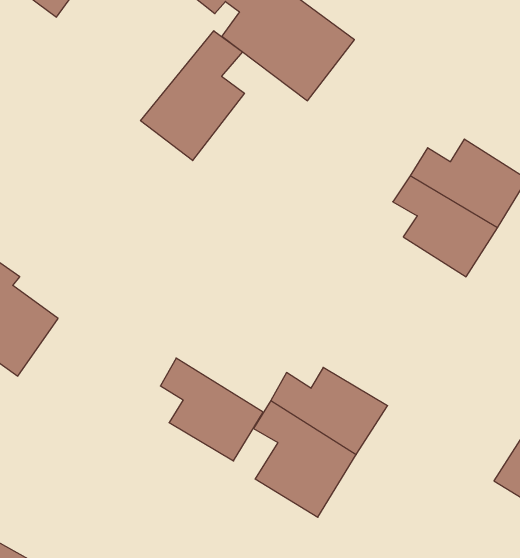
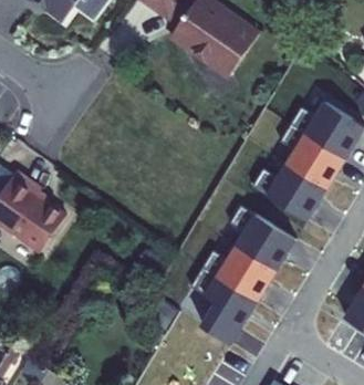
building: [141,31,244,161] -> none
building: none -> [252,164,326,221]
building: [160,358,263,461] -> [230,206,295,271]

